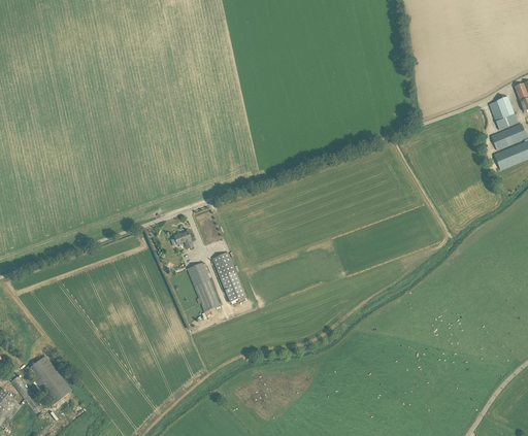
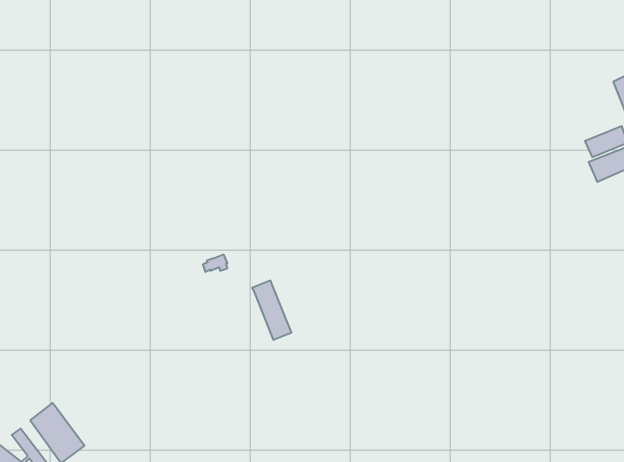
building: [488,94,518,129] -> none
building: [187,261,220,310] -> none

